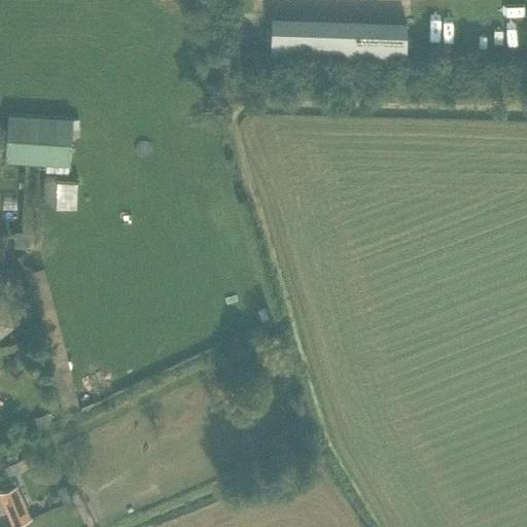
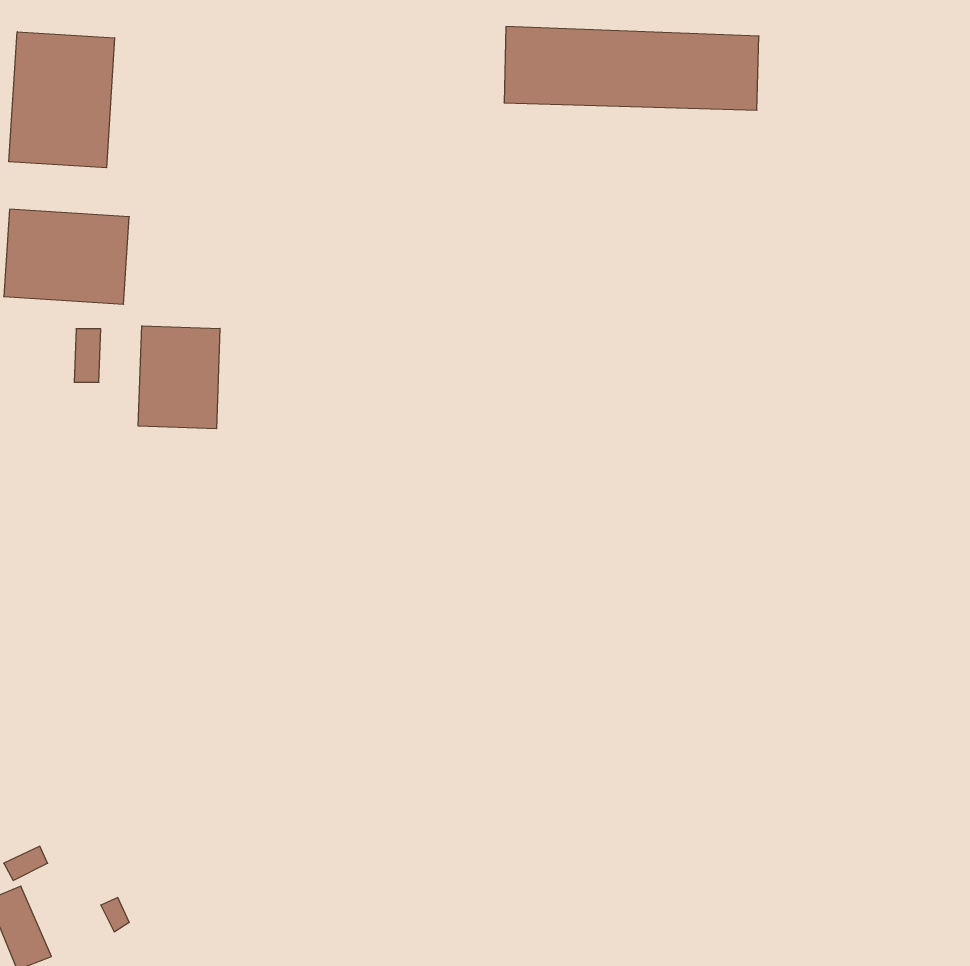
building: none -> [9,32,115,168]
building: none -> [138,326,220,429]

